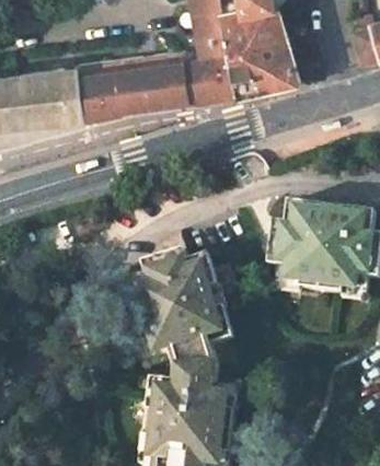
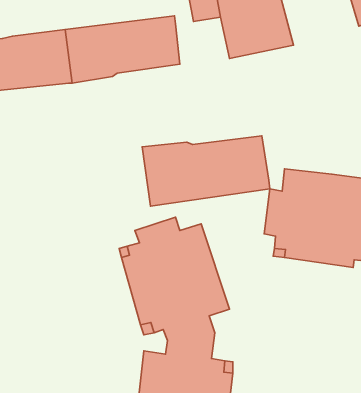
building: [182,55,234,101] -> none
building: none -> [142,136,270,206]

